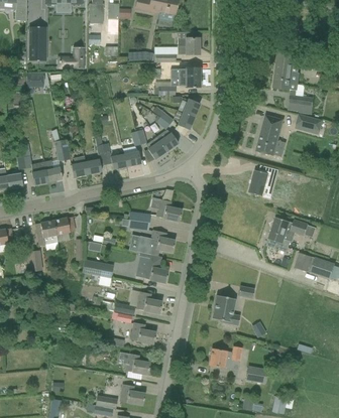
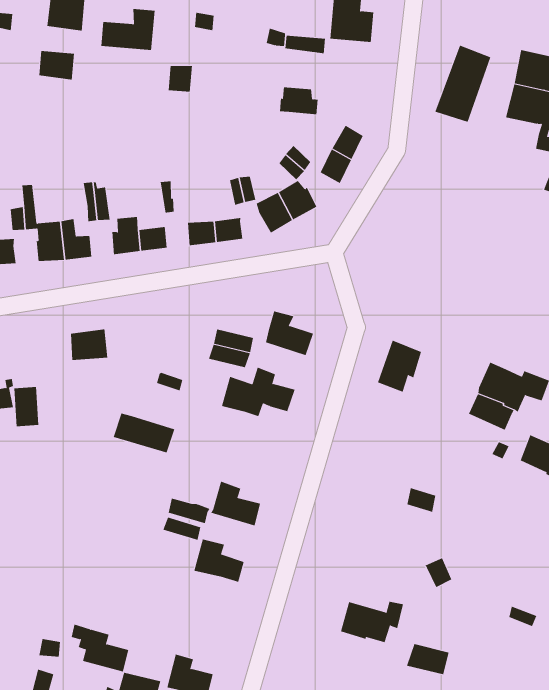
building: [170,68,199,87] -> none
building: [255,115,282,155] -> [435,45,491,123]
building: [251,168,273,195] -> [377,340,422,393]
building: [34,221,58,251] -> none
building: [134,253,167,283] -> none
building: [212,295,239,324] -> none
building: [118,352,149,375] -> [71,624,129,672]

